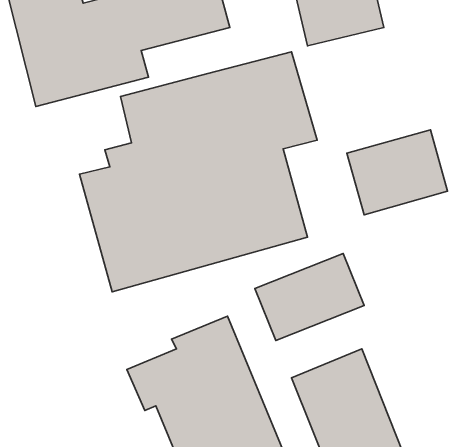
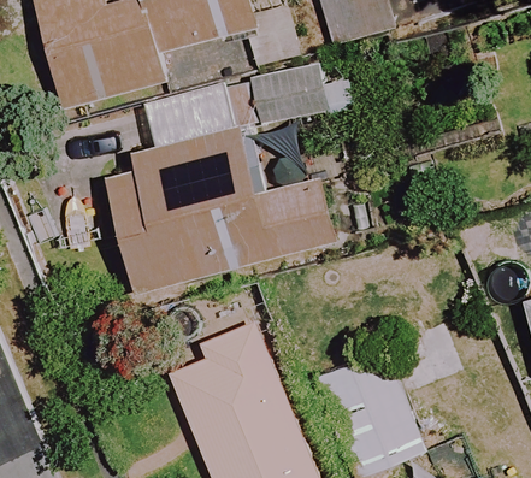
building: [347,130,448,215] -> none
building: [255,253,364,341] -> none

